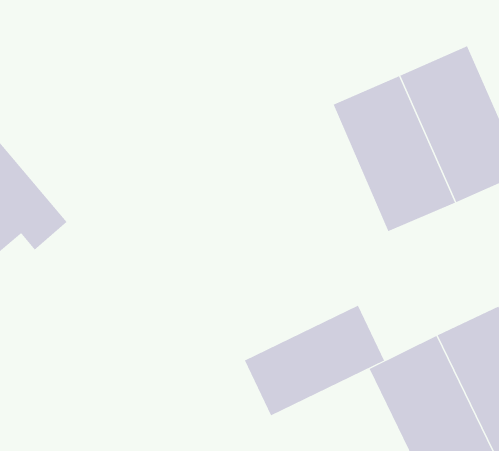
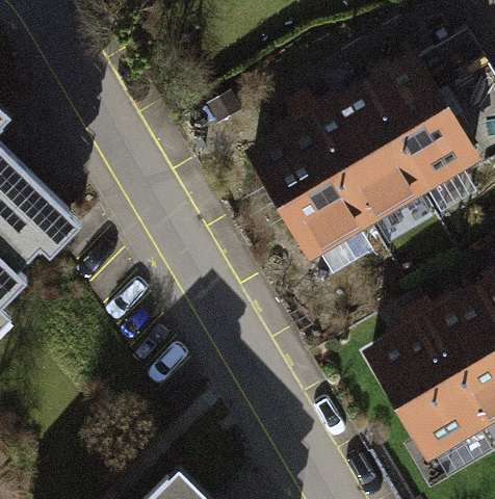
building: none -> [249,123,367,264]
building: [244,305,385,416] -> none

